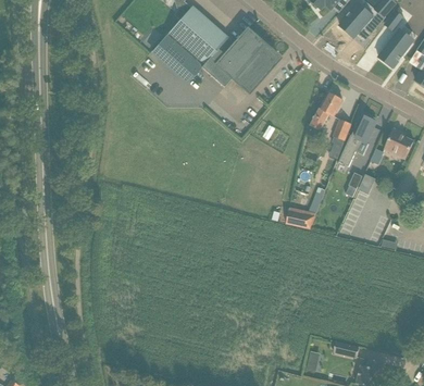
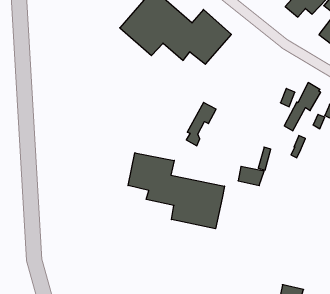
building: [309,91,342,140] -> [186,102,216,146]
building: none -> [128,153,224,229]

